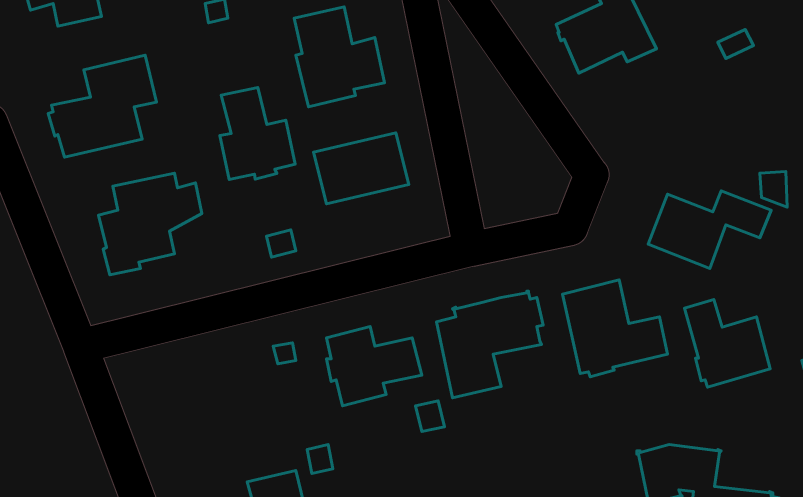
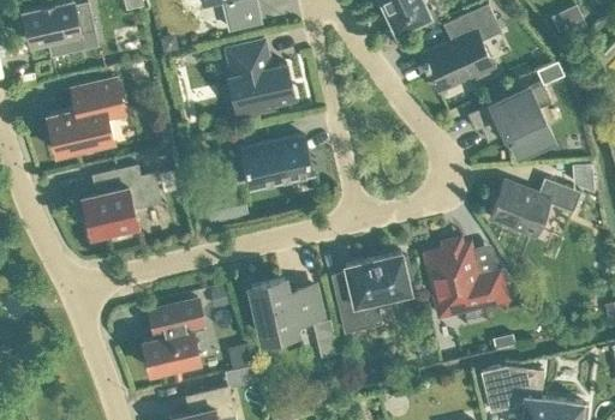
building: none -> [467,82,553,157]
building: [220,88,295,180] -> none
building: [685,299,770,387] -> none
building: none -> [143,301,205,373]

